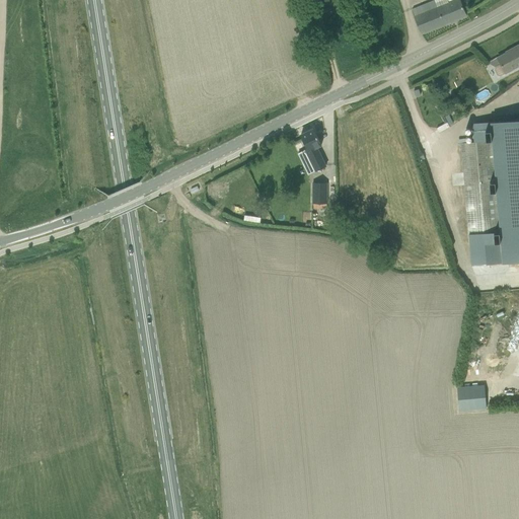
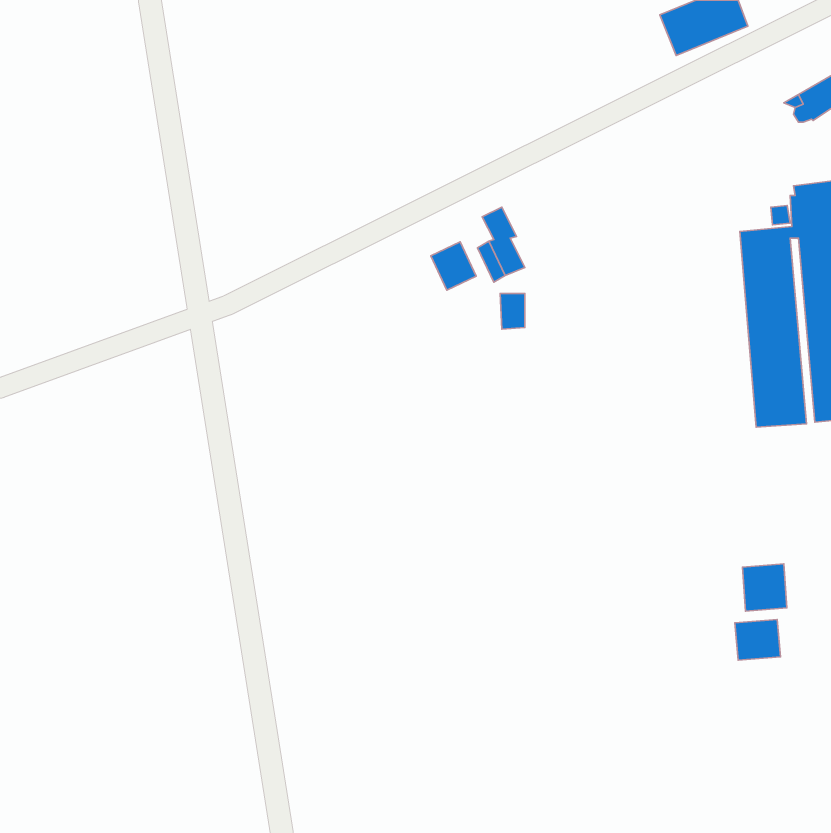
building: none -> [431,242,476,290]
building: none -> [743,564,787,611]

